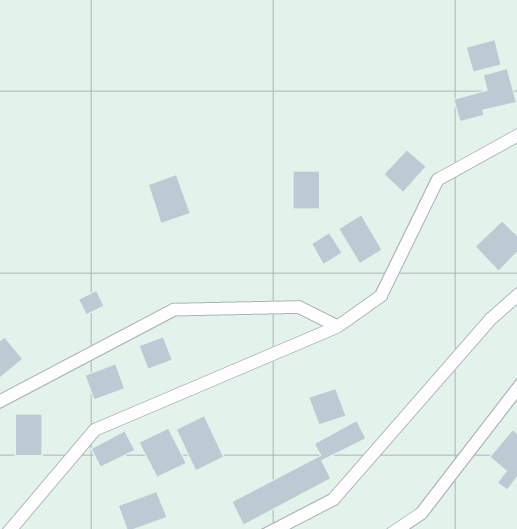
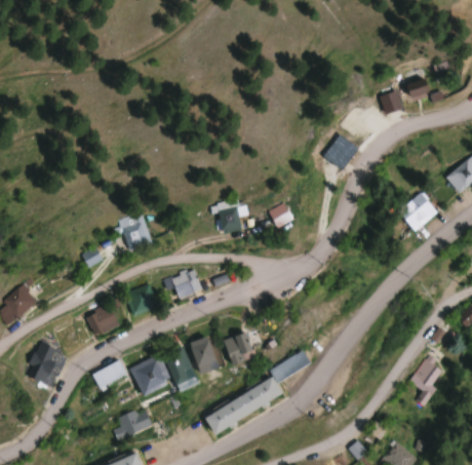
building: [466,40,501,72] -> none
building: [293,171,320,209] -> [219,200,240,230]
building: [148,174,191,223] -> [119,212,153,251]
building: [339,215,382,264] -> none
building: none -> [164,268,204,301]
building: [309,389,346,425] -> [224,333,253,361]
building: none -> [189,337,220,375]

